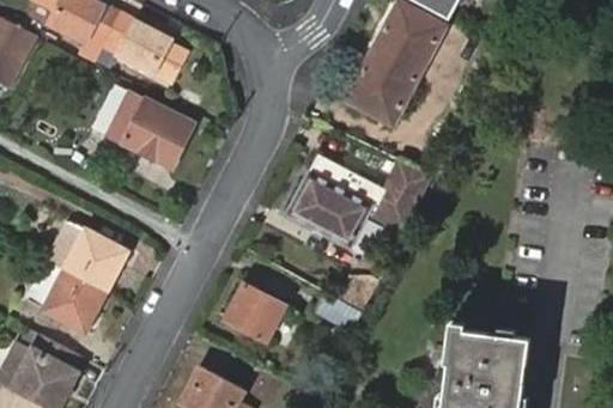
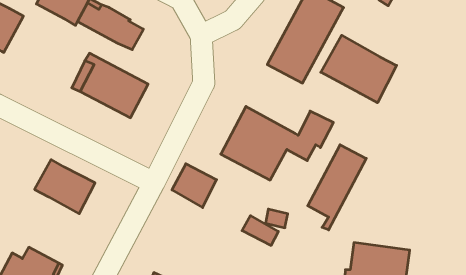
building: none -> [321,35,397,103]
building: none -> [308,145,366,230]
building: [26,260,104,330] -> none
building: [226,285,284,341] -> [172,164,217,208]

